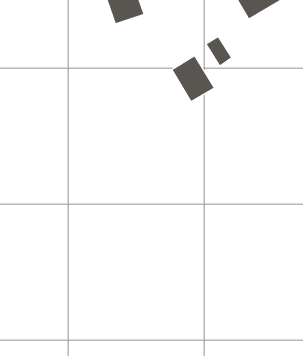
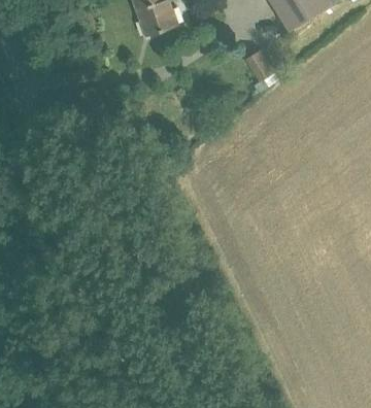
building: [172,55,215,102] -> none

